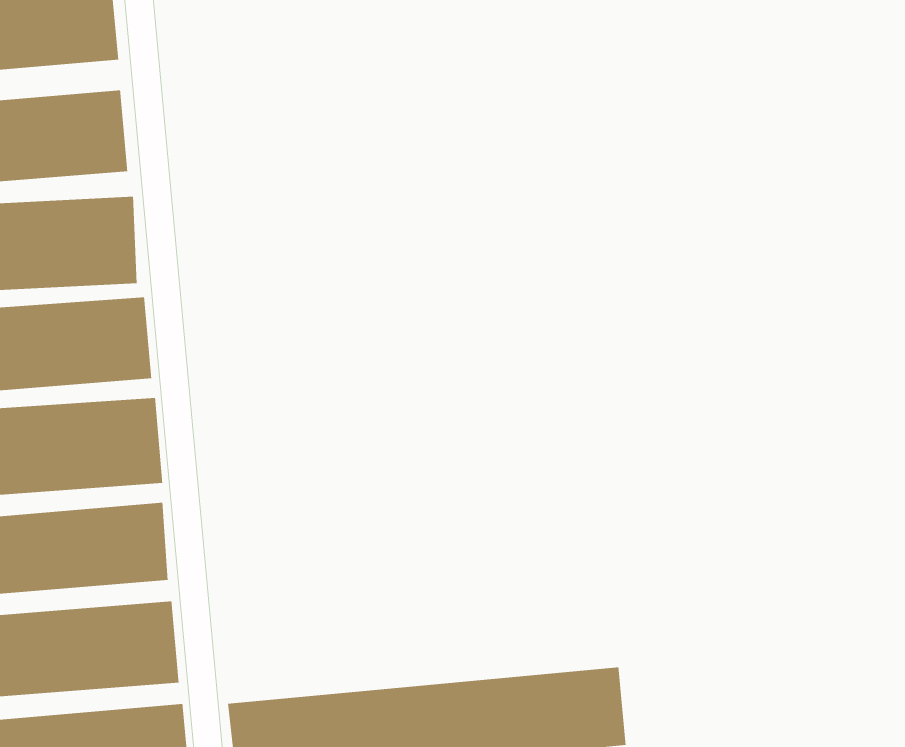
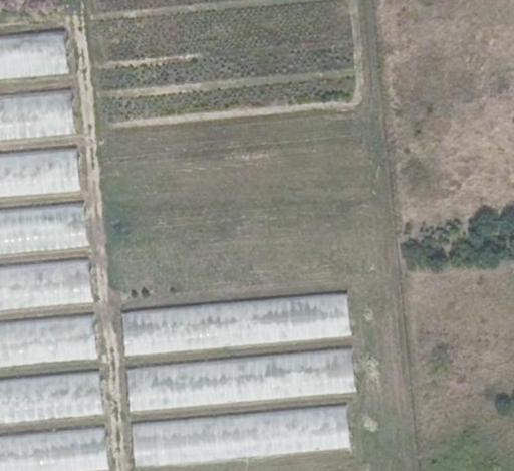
building: none -> [117,292,348,358]
building: none -> [120,348,351,414]

